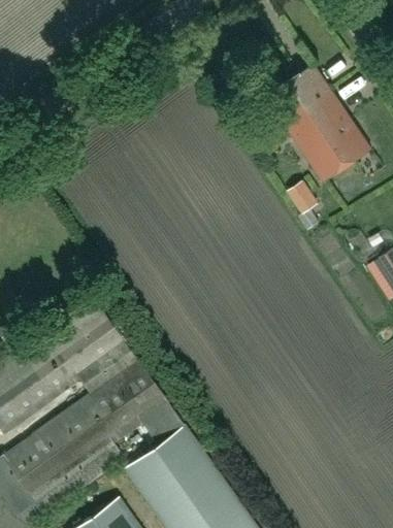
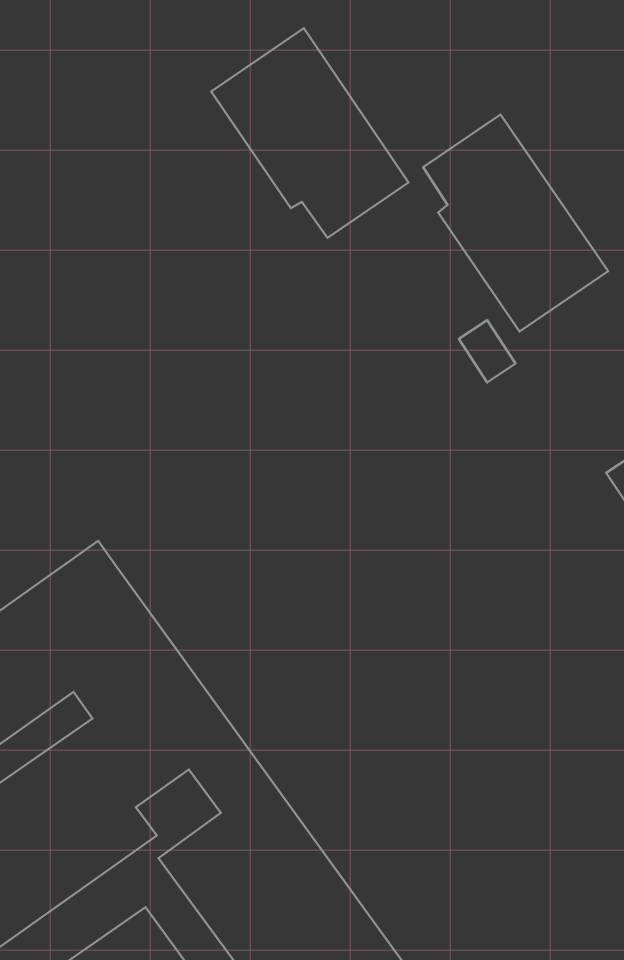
building: none -> [211,28,409,238]

